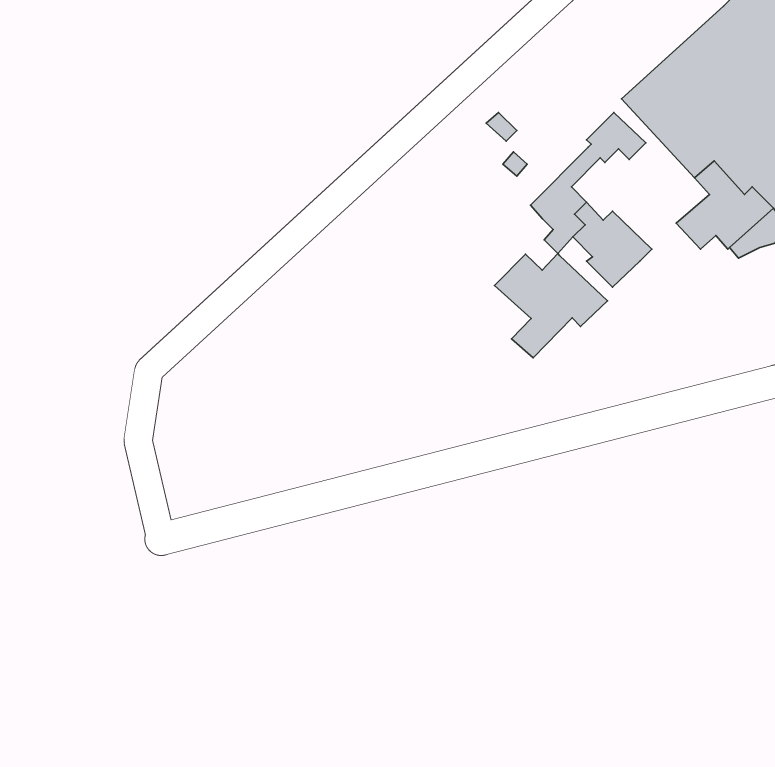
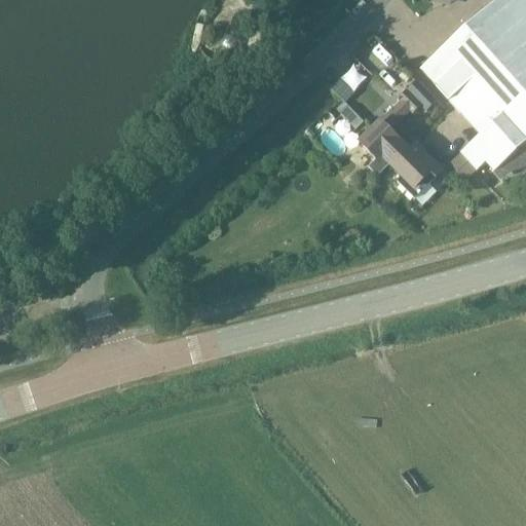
building: [494,254,607,358] -> none

